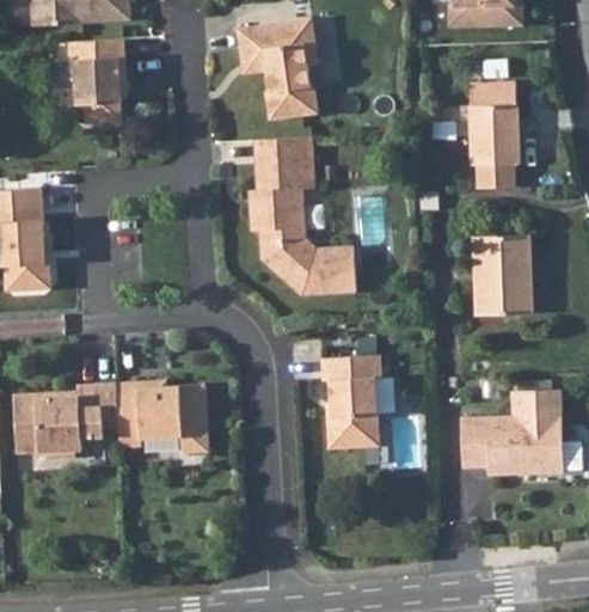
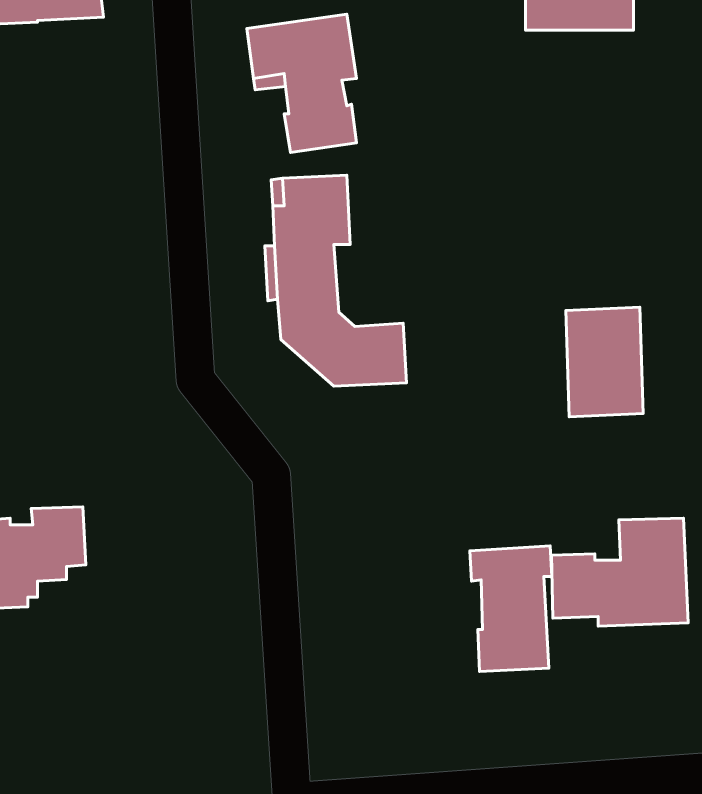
building: [68,38,125,122] -> none
building: [468,82,519,188] -> none
building: [320,354,381,447] -> [470,546,552,672]
building: [115,380,208,452] -> none

